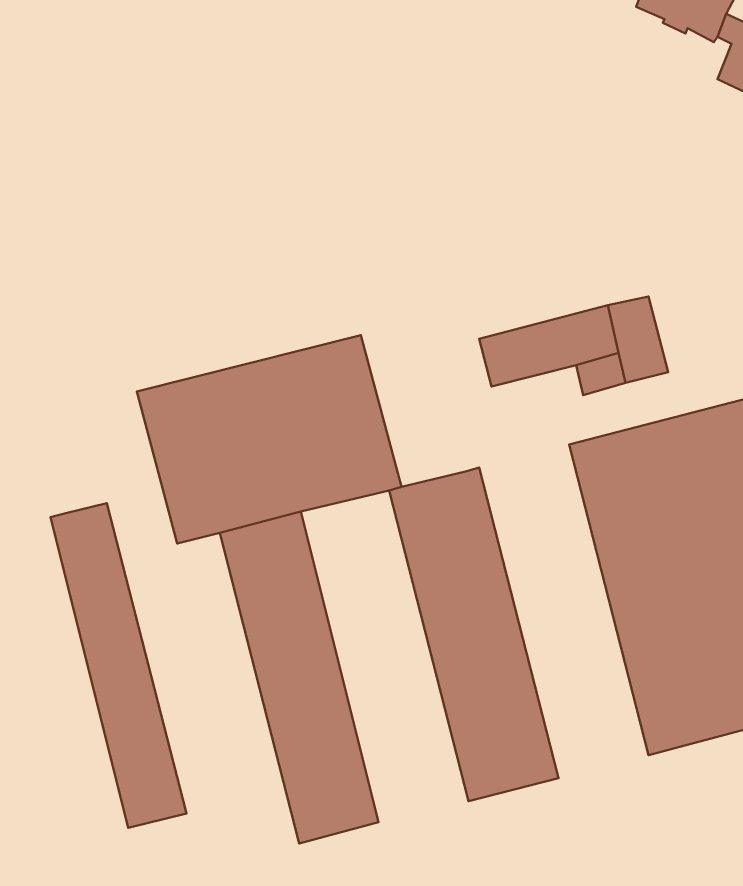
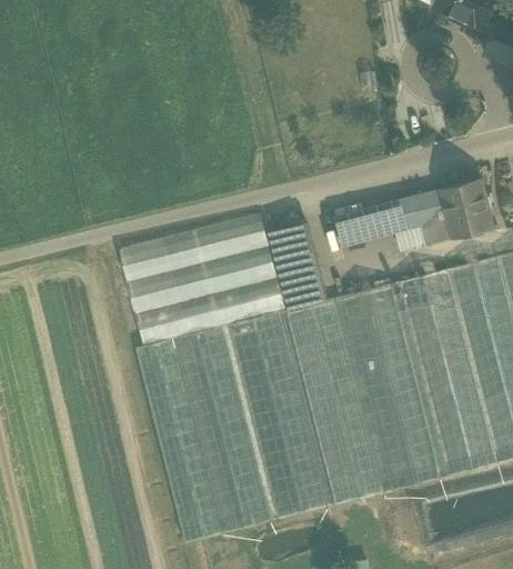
building: none -> [442,178,493,237]
building: none -> [272,222,328,308]
building: none -> [335,282,442,492]
building: none -> [223,311,329,520]
building: [50,503,186,828] -> [137,338,222,542]

